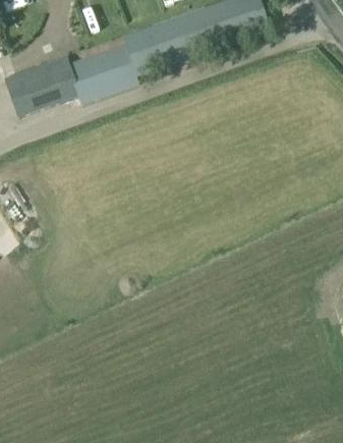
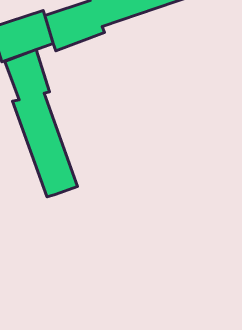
building: none -> [5,50,78,197]

